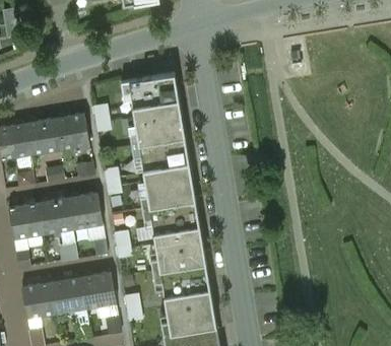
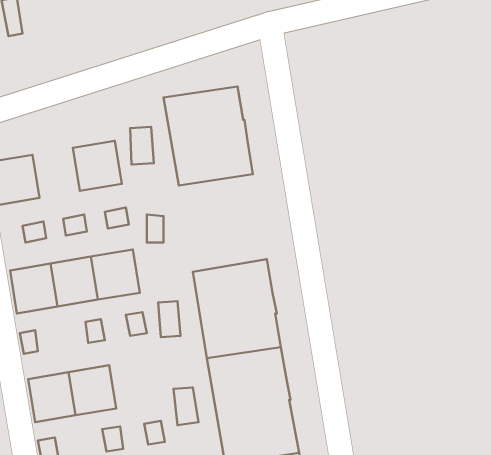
building: [24,118,59,154] -> none
building: [131,137,195,208] -> none
building: [80,271,116,307] -> none

